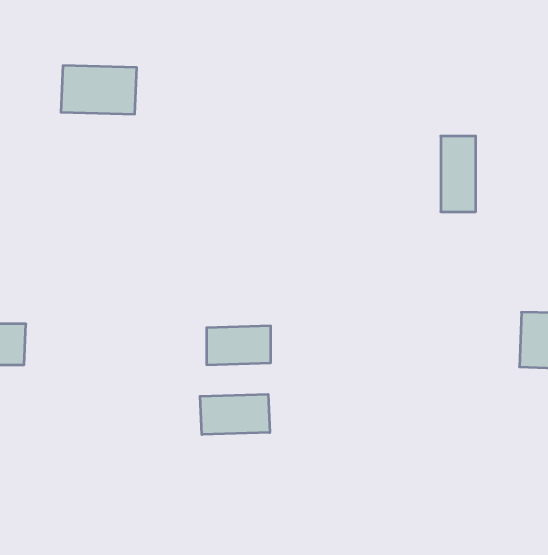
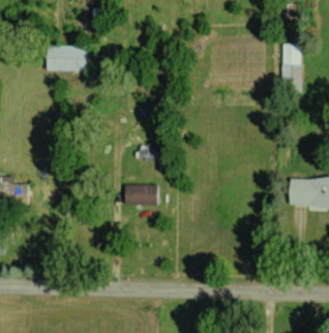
building: [441,136,476,212] -> [281,43,300,84]
building: [200,394,270,435] -> none

